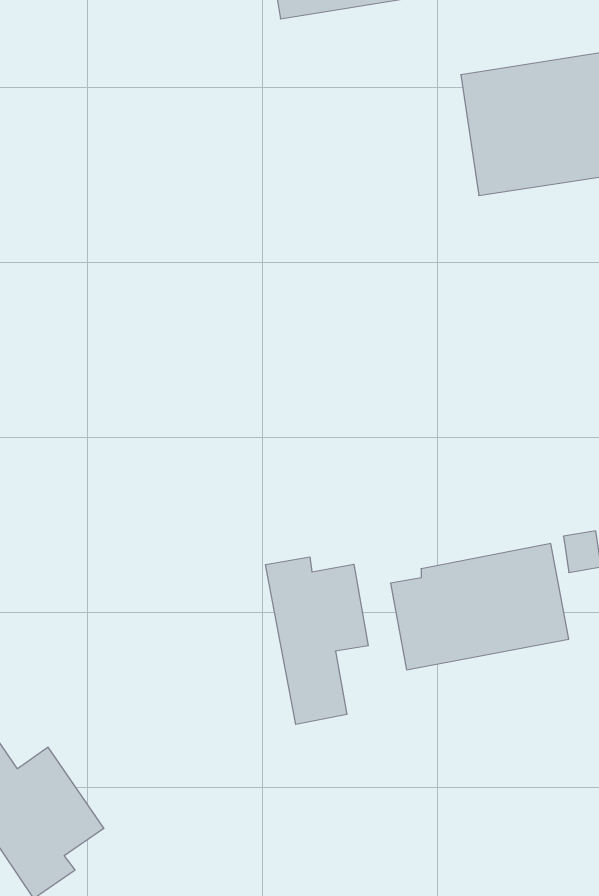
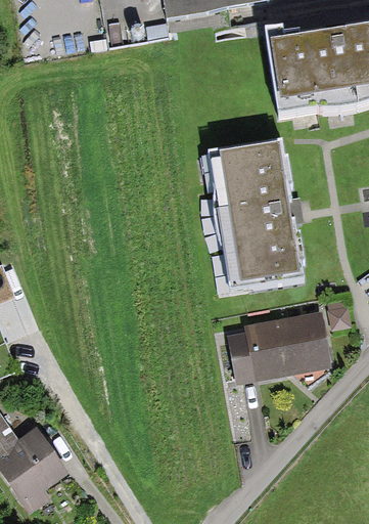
building: none -> [213,147,296,286]
building: [266,557,368,724] -> none

